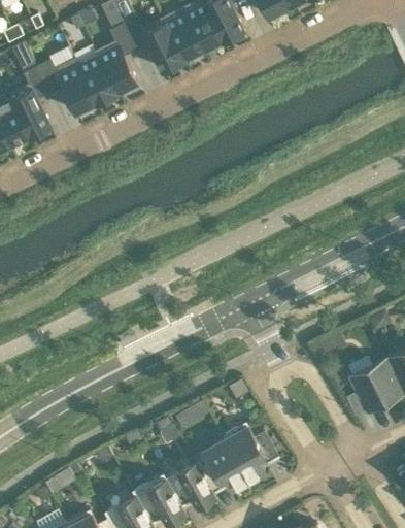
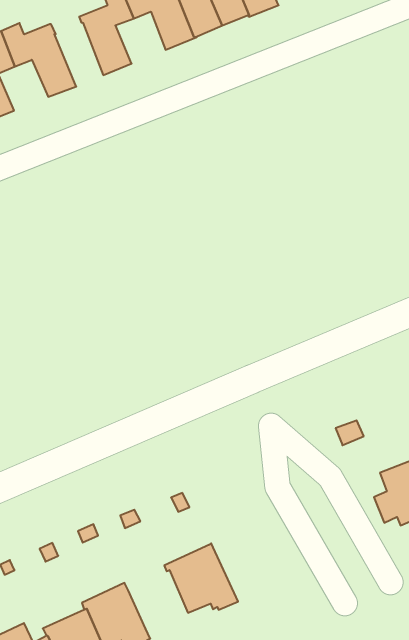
building: [77,56,116,104] -> none
building: [223,423,278,482] -> none
building: [166,462,215,509] -> none

